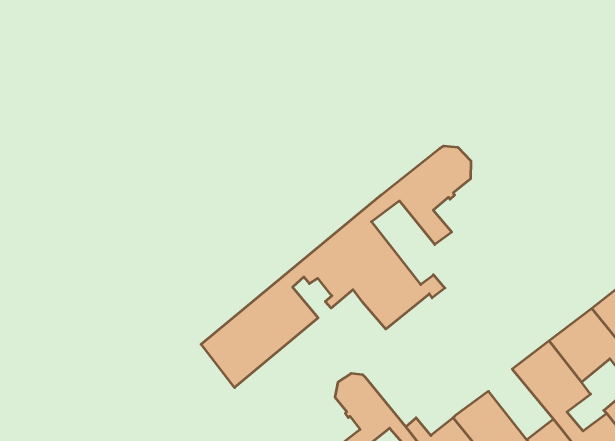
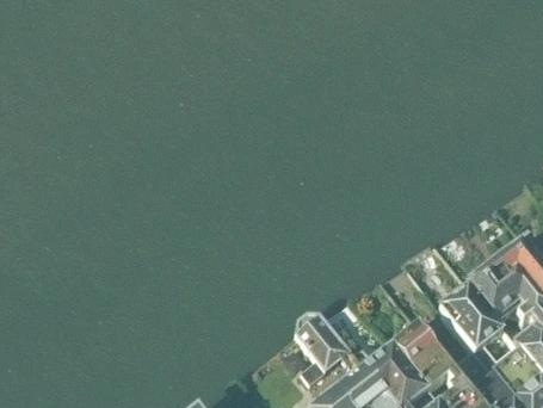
building: [201,146,471,388] -> none

